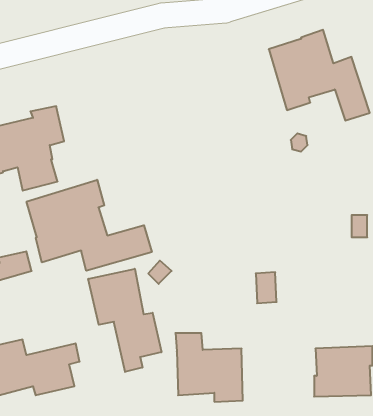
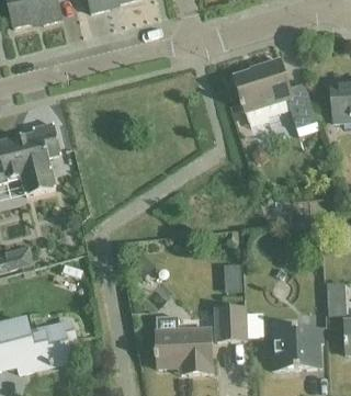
building: [27,180,152,271] -> none
building: [88,269,161,372] -> none
building: none -> [215,306,246,340]

